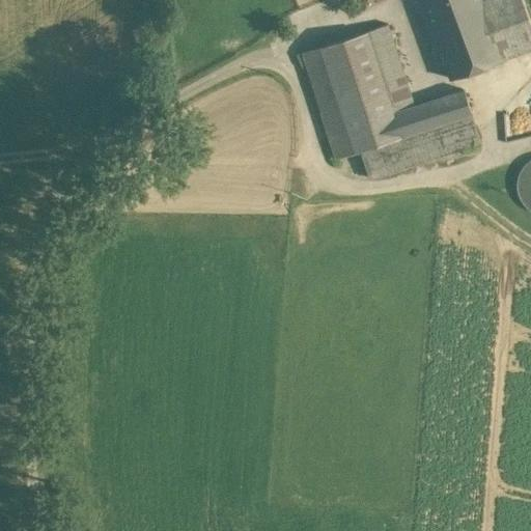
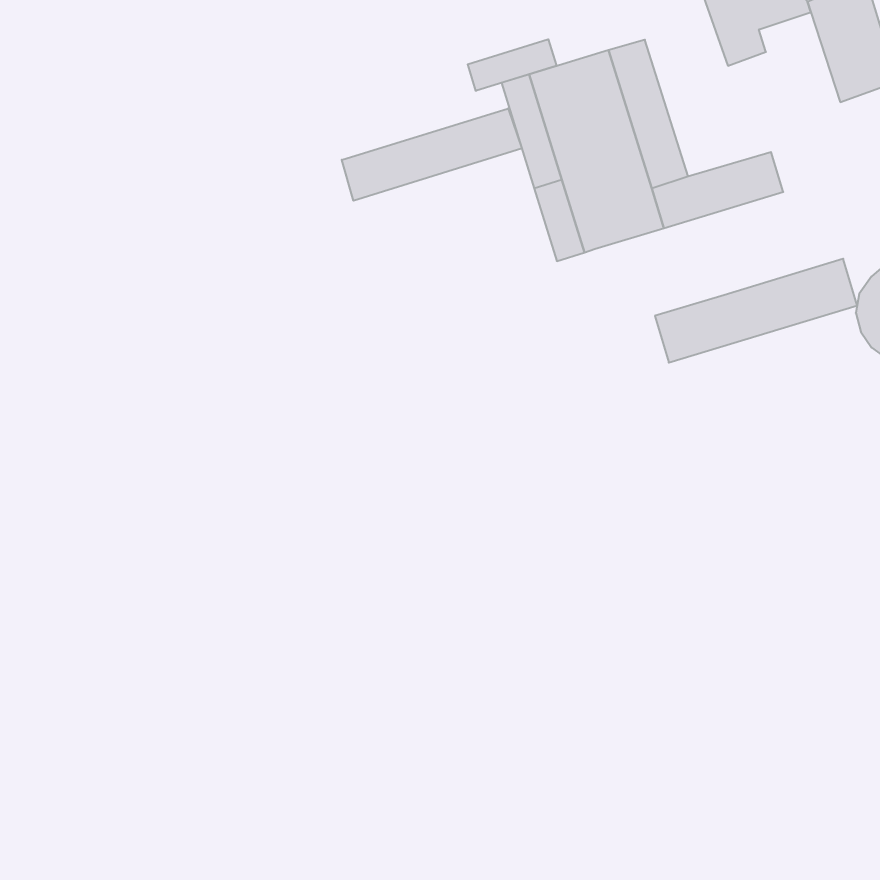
building: [439,7,506,79] -> none
building: none -> [468,39,556,91]
building: none -> [342,108,522,201]
building: [359,115,480,177] -> [655,259,857,363]

